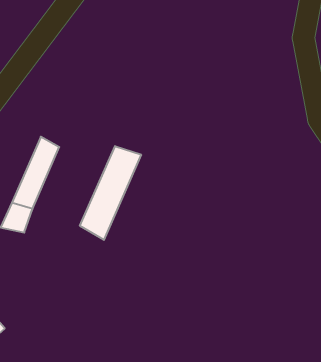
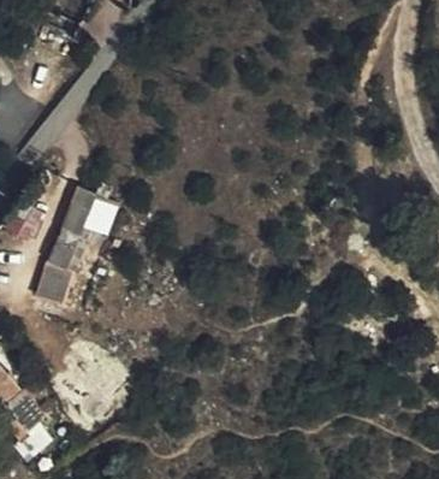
building: [80,146,141,240] -> none

